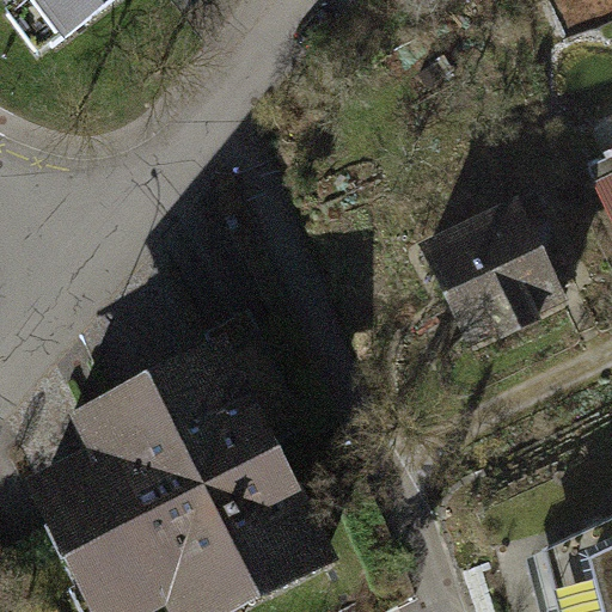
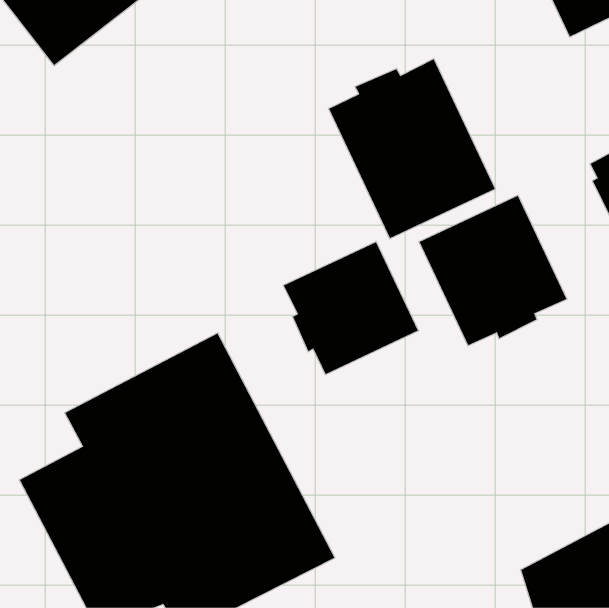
building: none -> [329,59,495,239]
building: none -> [283,241,418,375]

